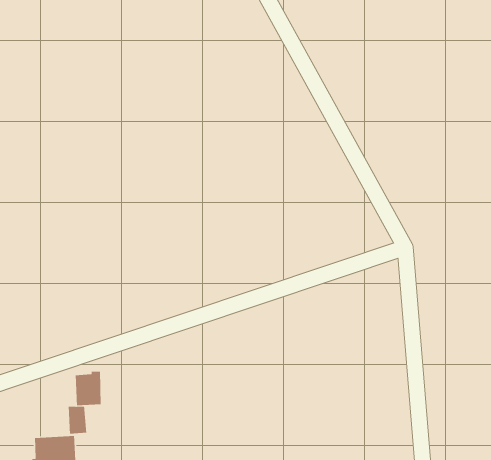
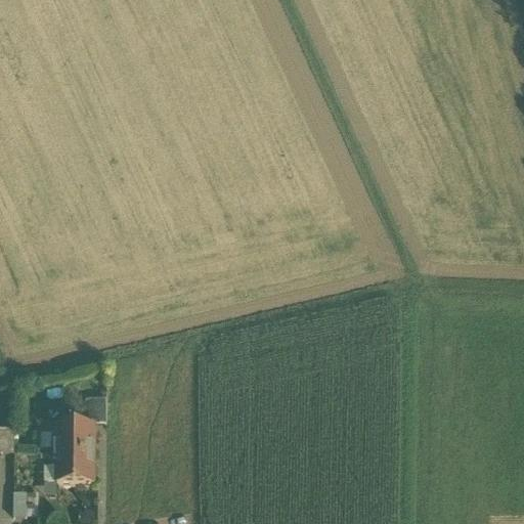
building: [75,371,101,406] -> none

